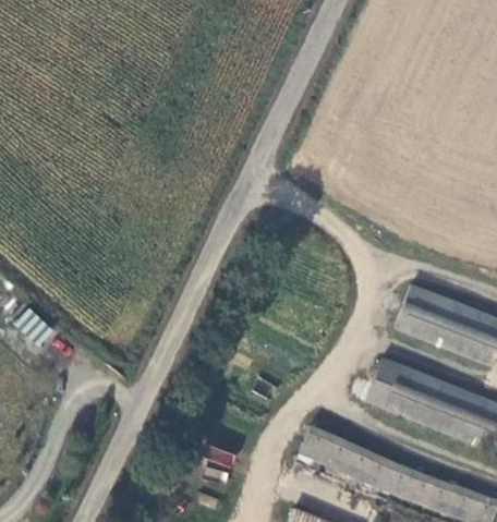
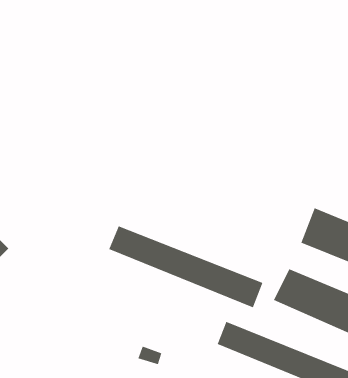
building: none -> [109,225,263,308]

